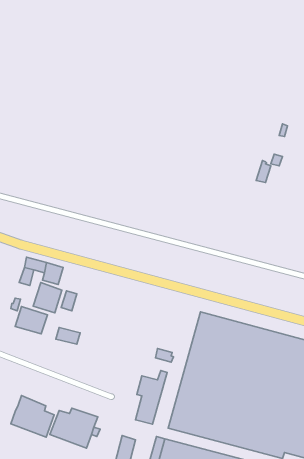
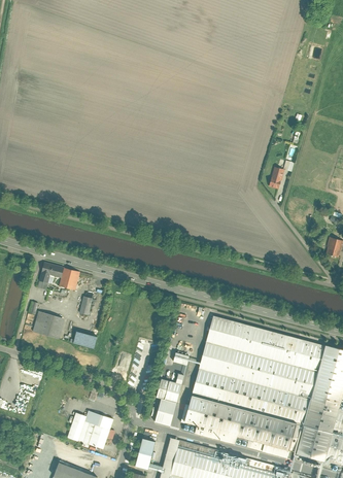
building: [33,282,62,313] -> none
building: [11,396,54,437] -> none

